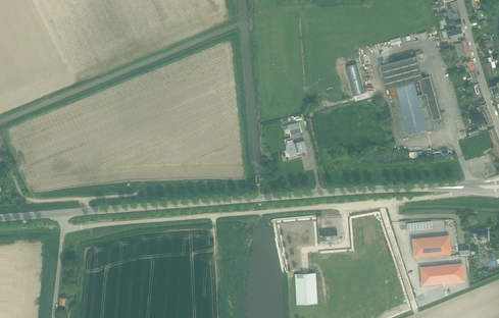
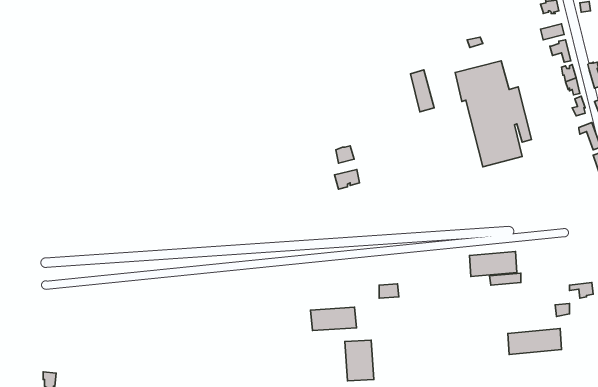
building: [412,236,449,256] -> [470,251,517,276]
building: none -> [310,307,356,331]

